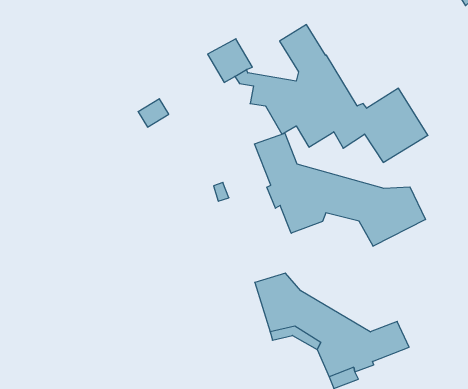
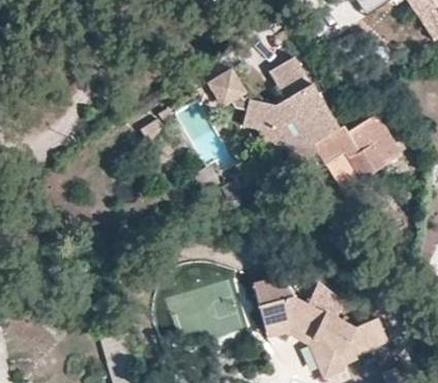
building: [255,133,425,246] -> none

